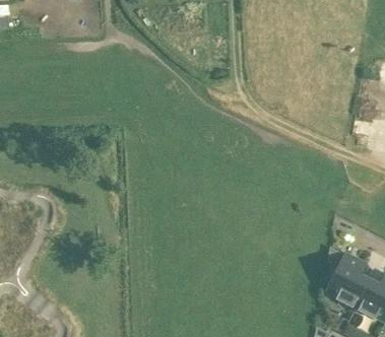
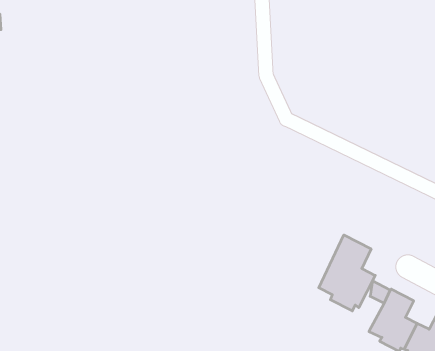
building: none -> [319,235,375,311]

